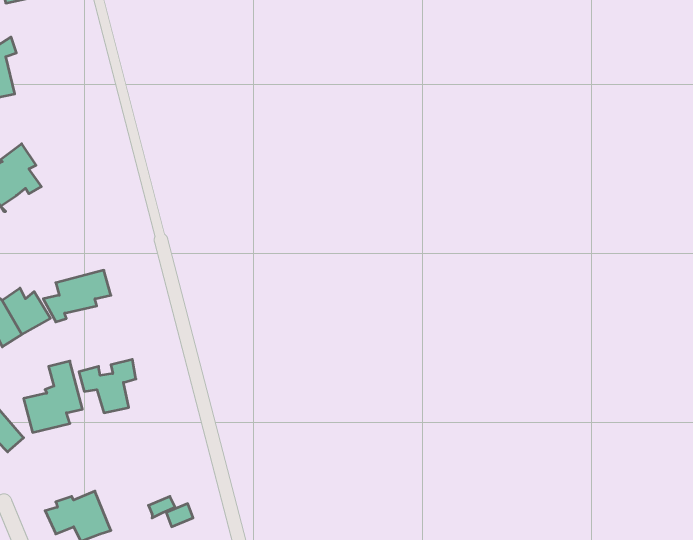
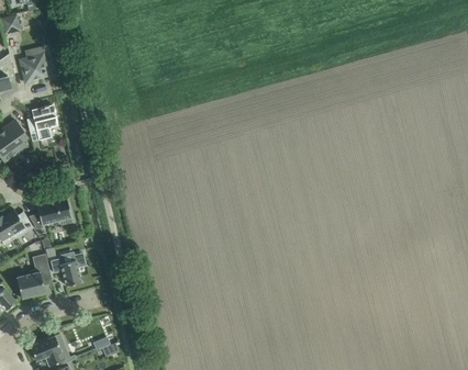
building: none -> [20,53,46,82]
building: none -> [26,104,58,141]

